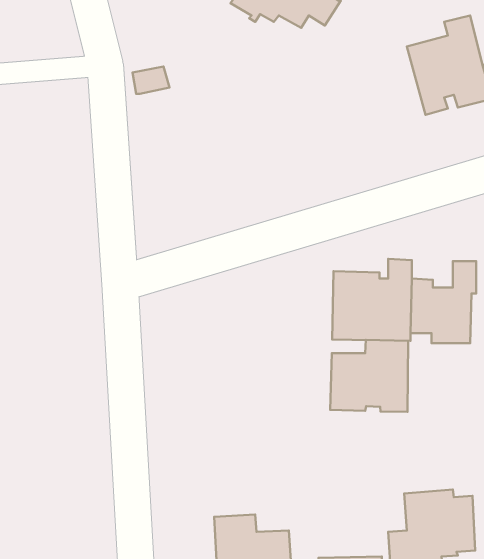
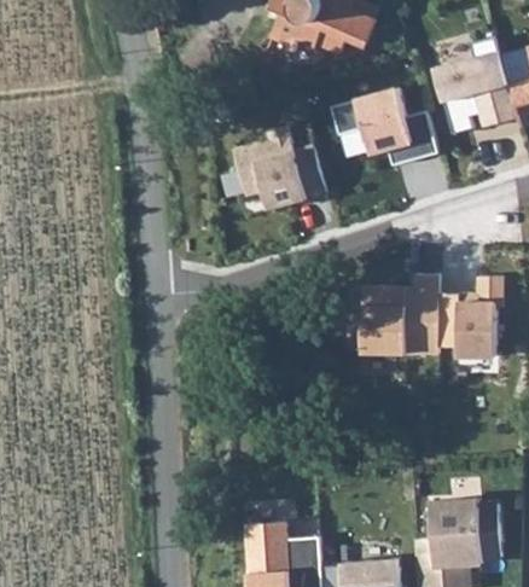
building: none -> [331,89,438,159]
building: none -> [233,126,326,204]
building: [330,340,408,412] -> none

